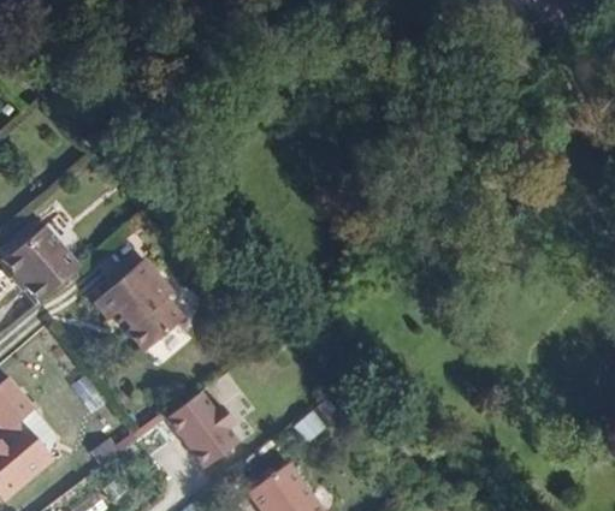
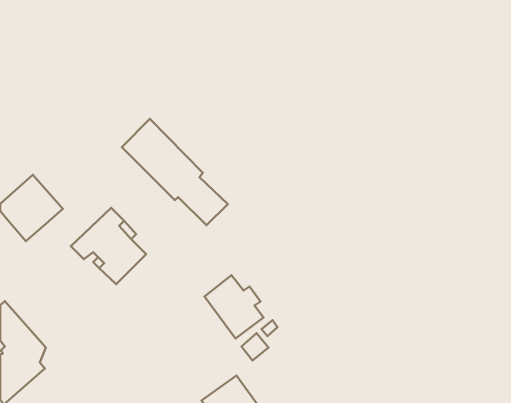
building: none -> [122,119,228,225]
building: [170,390,241,465] -> [204,275,264,339]

